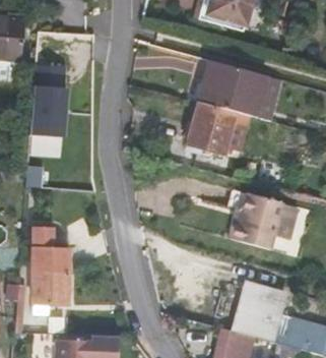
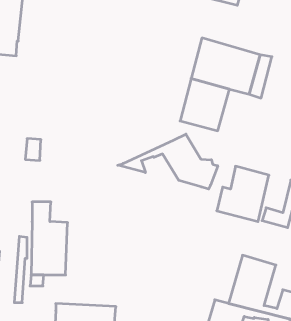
building: [30,62,67,135] -> none
building: none -> [118,134,218,189]

